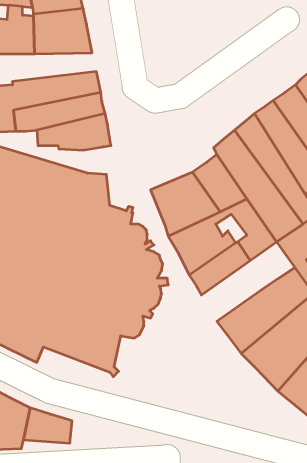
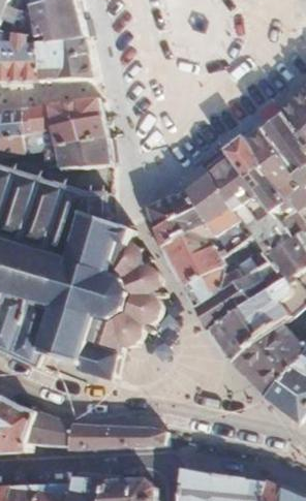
building: none -> [195,257,283,332]
building: none -> [72,425,163,448]

